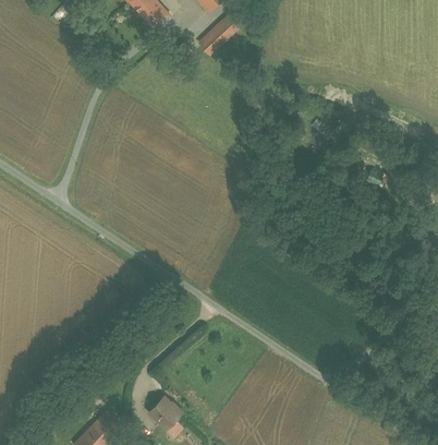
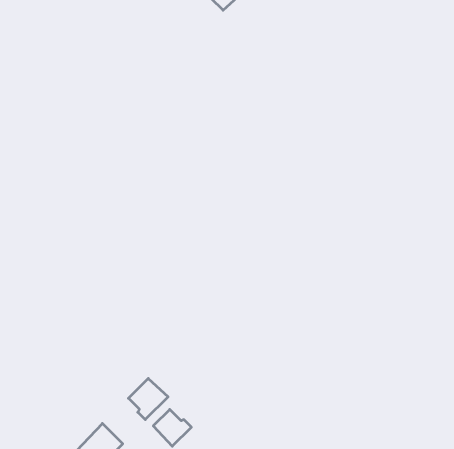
building: none -> [128,378,168,420]

